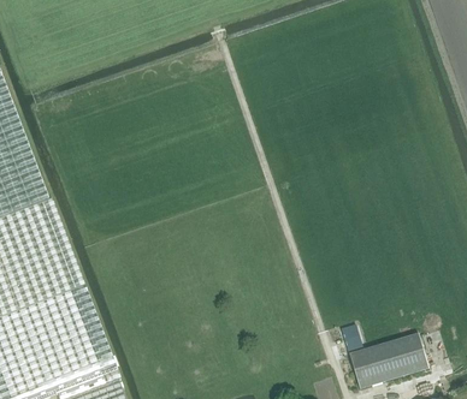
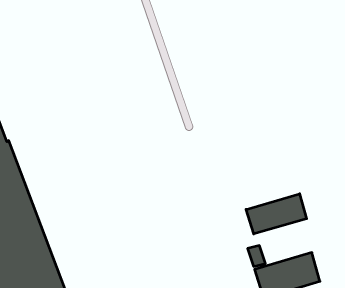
building: none -> [246,194,307,234]

